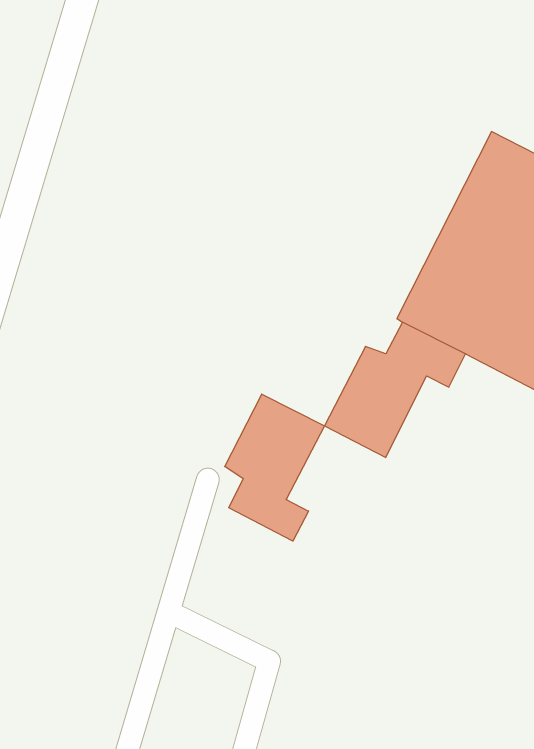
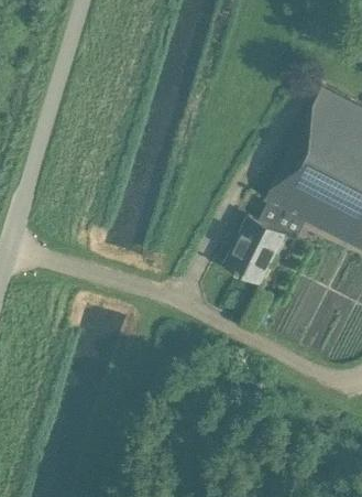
building: [225,394,325,541] -> none

